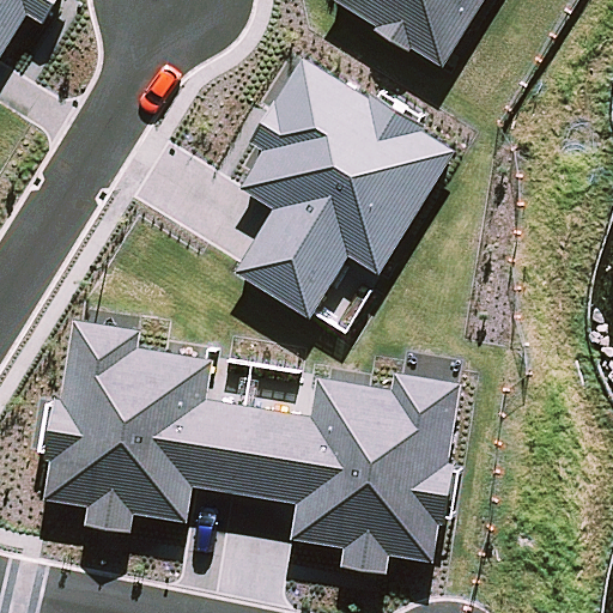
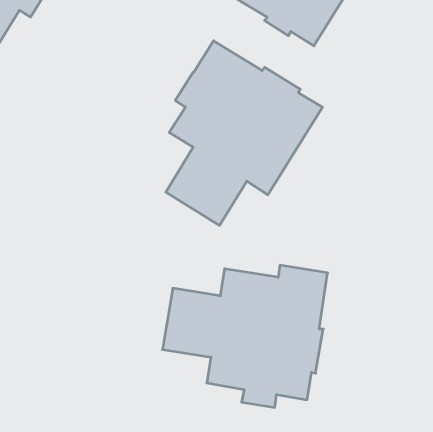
building: [43,321,243,532] -> none

